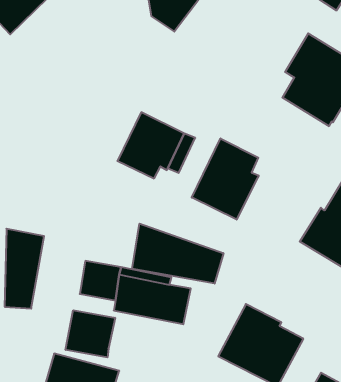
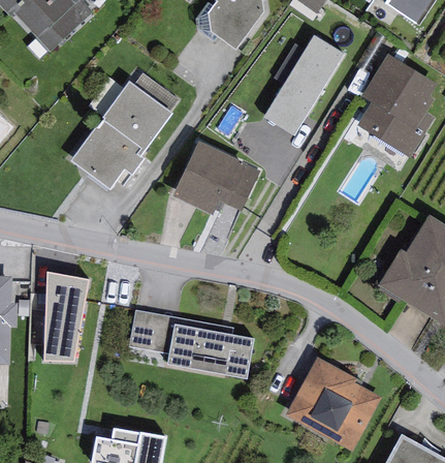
building: none -> [262,32,345,133]
building: none -> [70,82,171,189]
building: [192,138,259,220] -> none
building: [132,224,223,284] -> none
building: [66,310,115,357] -> none

